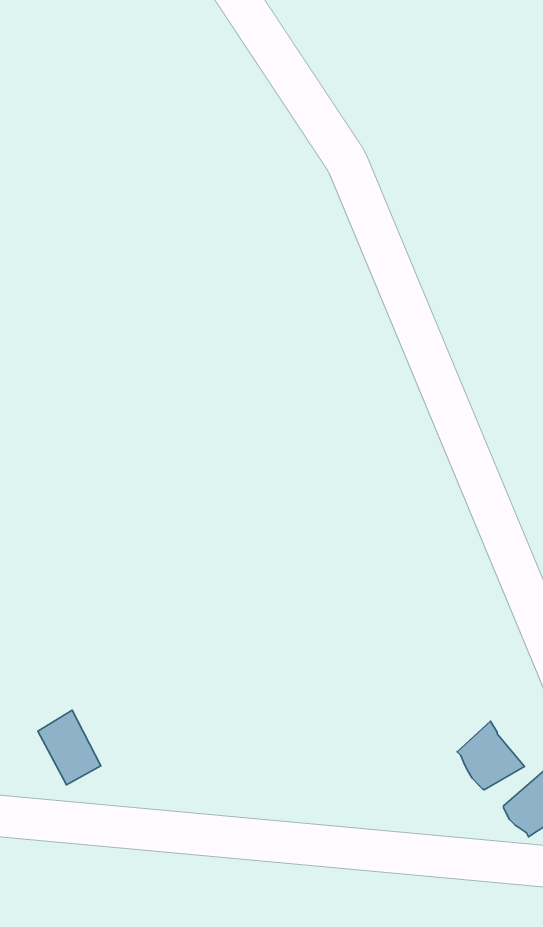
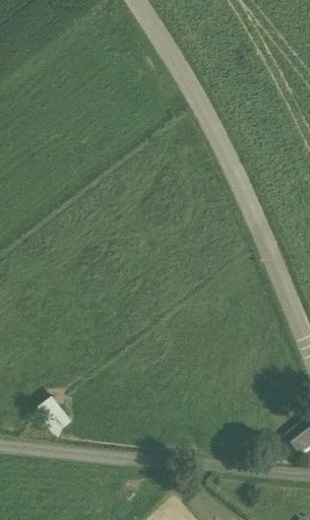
building: [457,721,525,790] -> none

